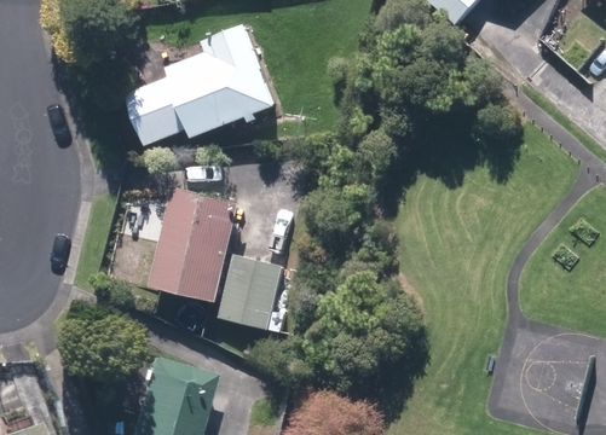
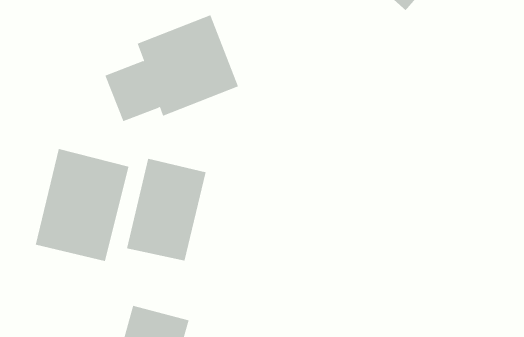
building: none -> [35,148,129,262]
building: [217,255,281,331] -> none

